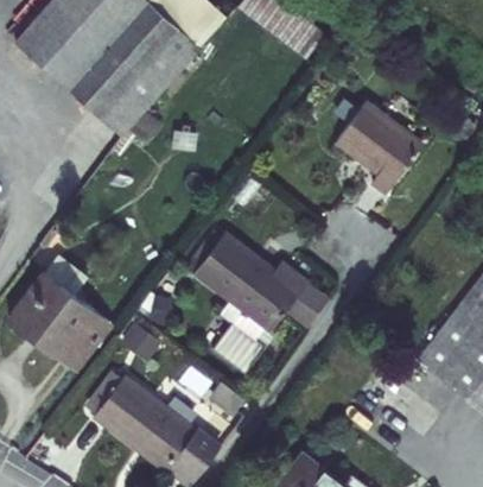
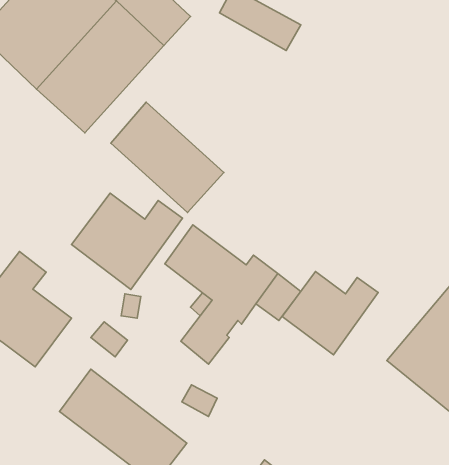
building: [342,96,430,194] -> none
building: none -> [111,102,224,212]
building: none -> [72,193,183,289]
building: none -> [282,272,378,355]

